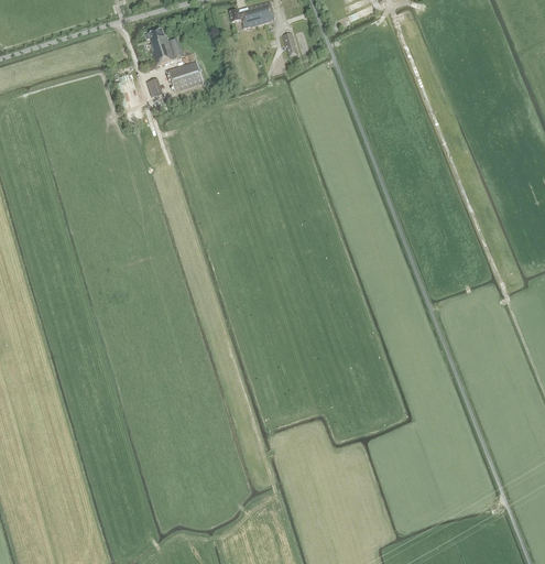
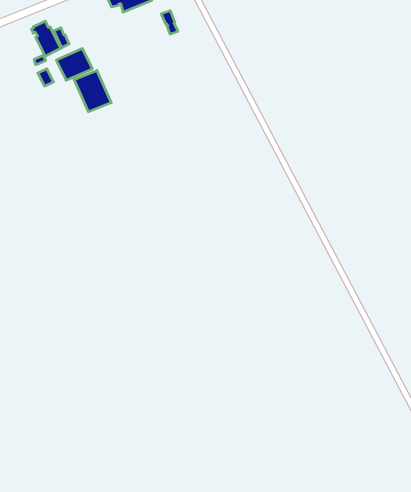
building: none -> [74,70,111,112]

